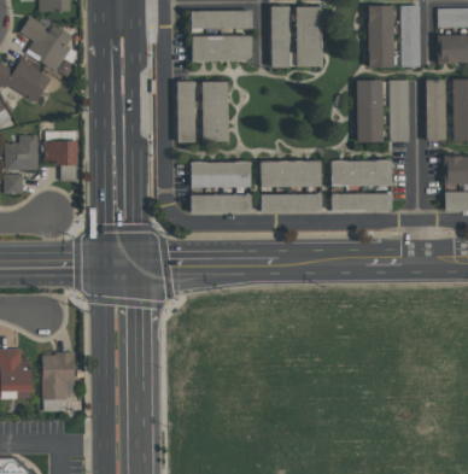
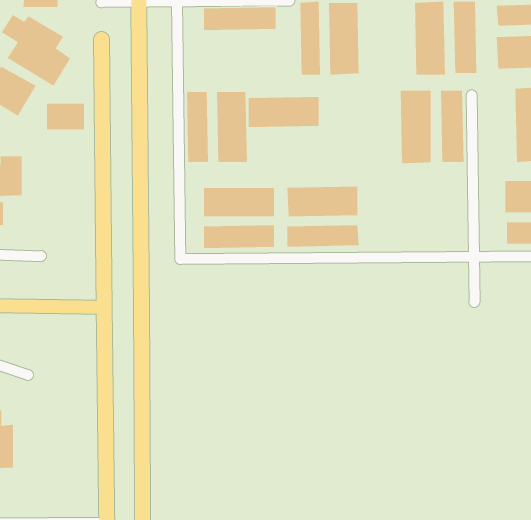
building: [192,35,252,62] -> [248,96,320,128]
building: [426,78,446,141] -> none
building: [45,141,77,164] -> [46,103,85,130]
building: [330,159,392,186] -> none
building: [330,193,392,211] -> none
building: [42,352,75,399] -> none

